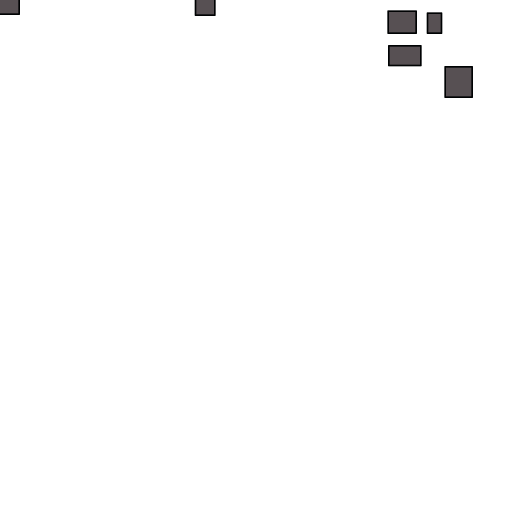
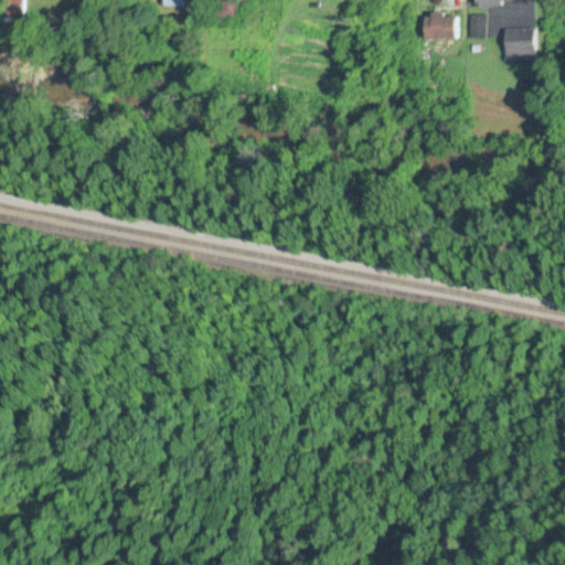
building: [389,46,421,66] -> none
building: [445,67,472,97] -> [504,26,534,60]

